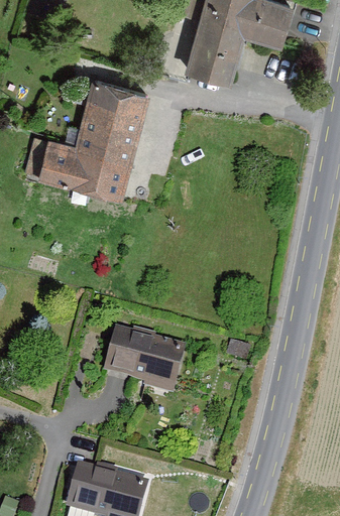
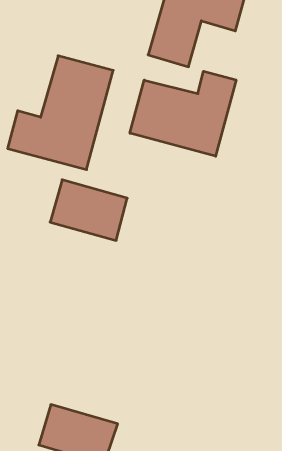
building: none -> [130,71,236,156]
building: [97,326,182,392] -> [50,180,127,240]

